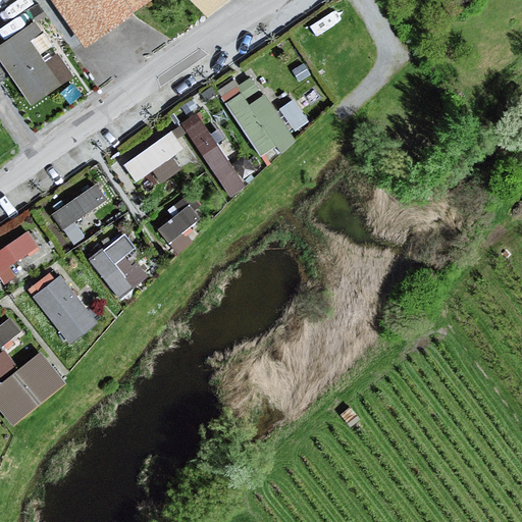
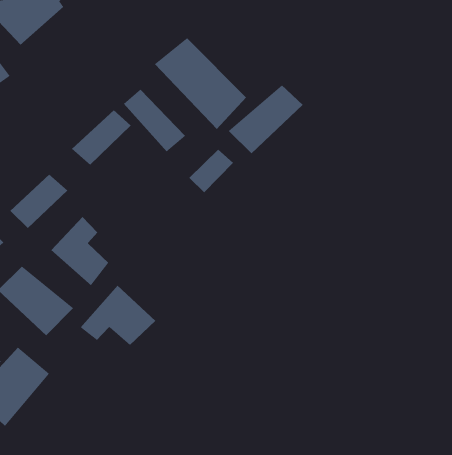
building: none -> [228,85,303,154]
building: [155,201,202,243] -> [189,149,234,193]
building: none -> [80,285,156,346]

